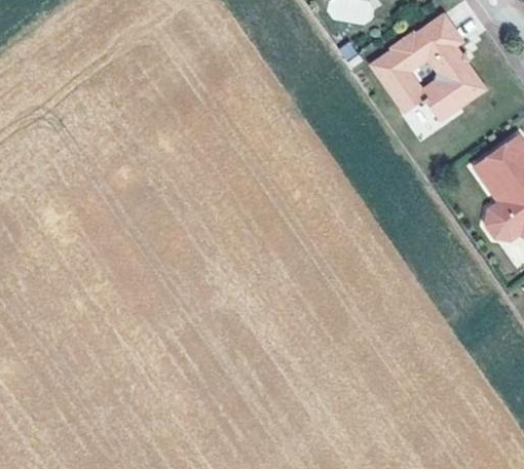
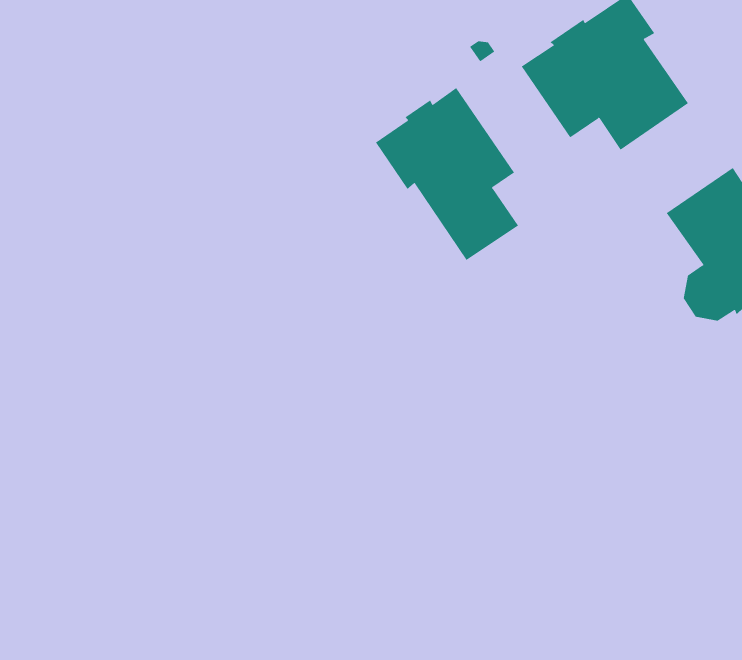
building: none -> [375,87,519,261]

